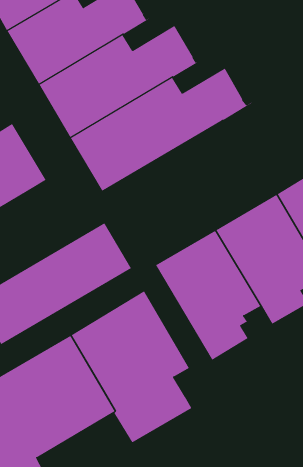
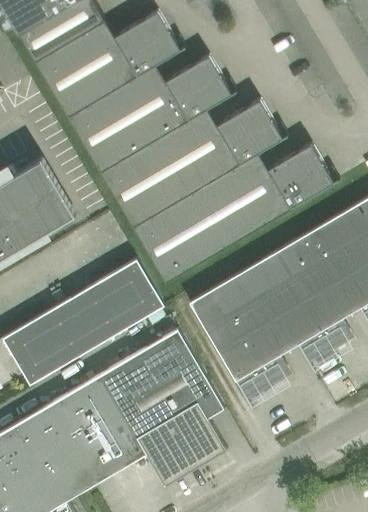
building: none -> [133,144,333,283]

